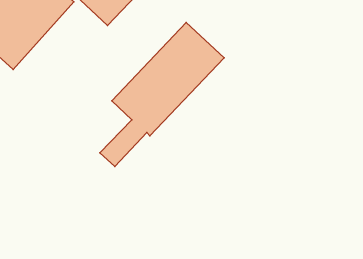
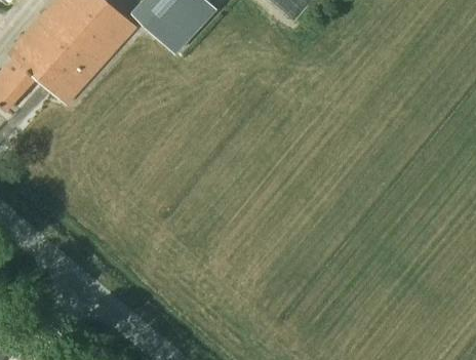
building: [100,22,224,167] -> none

